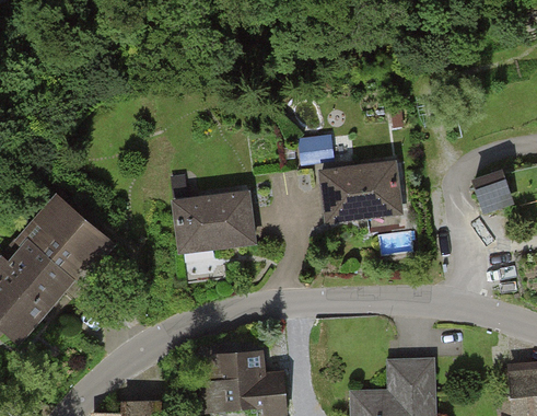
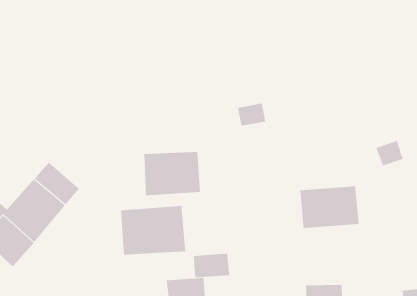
building: [324,165,399,219] -> [299,186,359,228]
building: none -> [121,205,186,256]
building: none -> [193,253,230,278]

